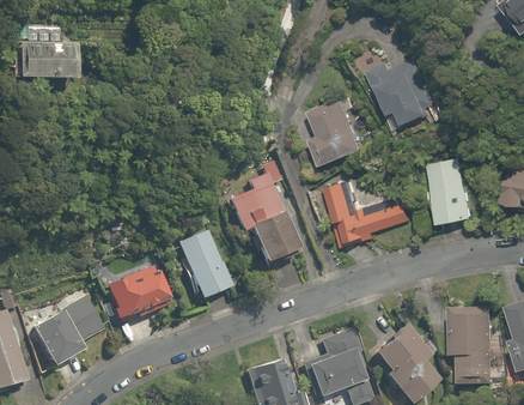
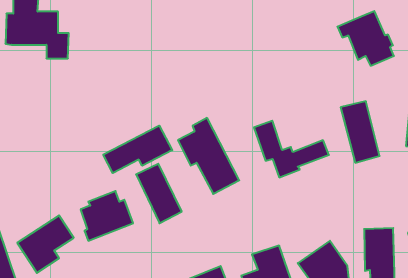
building: [365,56,434,123] -> [337,11,394,66]
building: [310,96,370,167] -> none
building: none -> [103,126,172,173]

